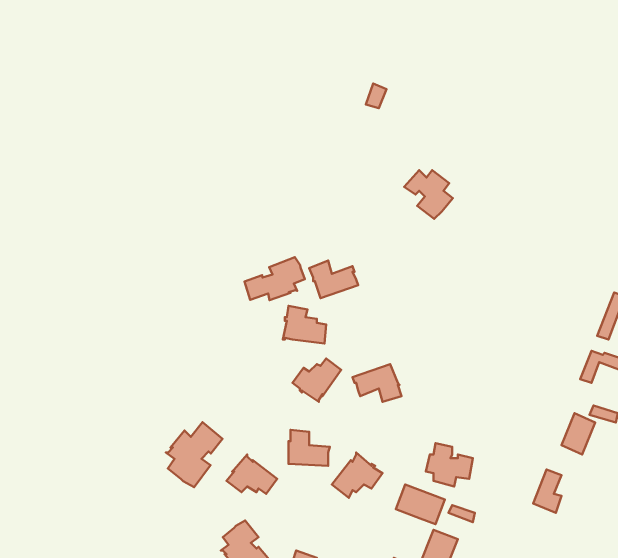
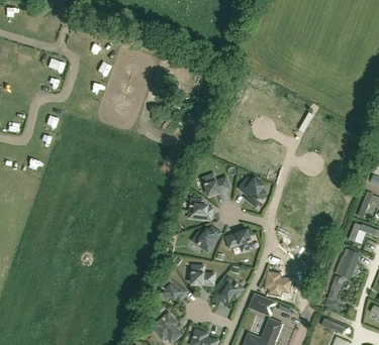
building: [404,170,453,219] -> [239,179,265,205]
building: [244,257,305,300] -> none
building: [166,422,222,487] -> none

